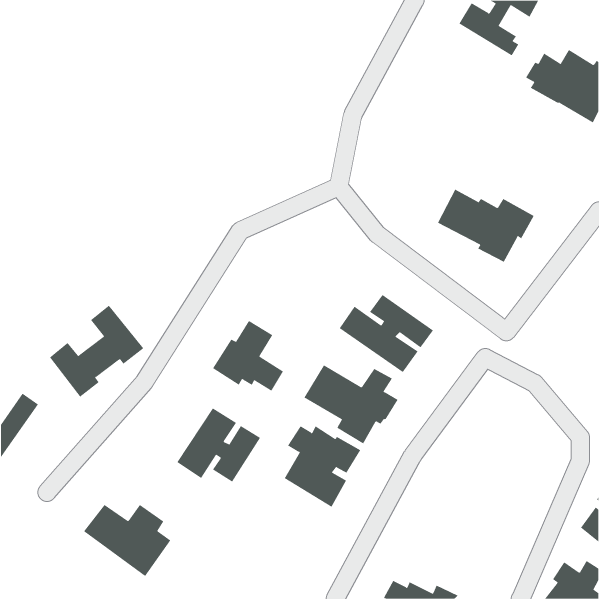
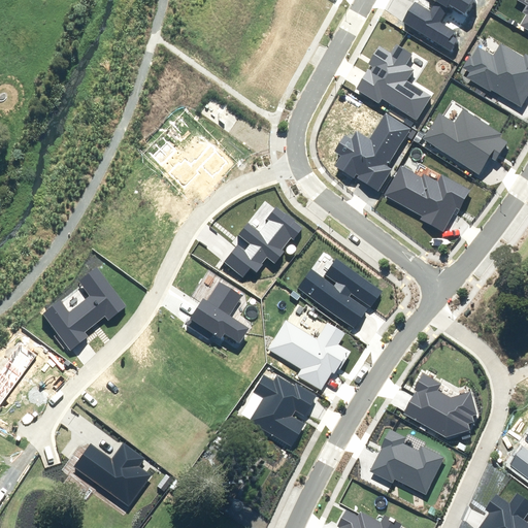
building: none -> [356,45,430,120]
building: none -> [424,109,507,174]
building: none -> [333,116,409,192]
building: none -> [225,207,303,276]
building: [177,407,261,482] -> none
building: none -> [404,373,477,437]
building: none -> [371,429,443,495]

